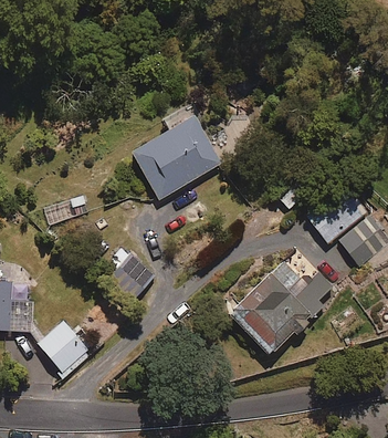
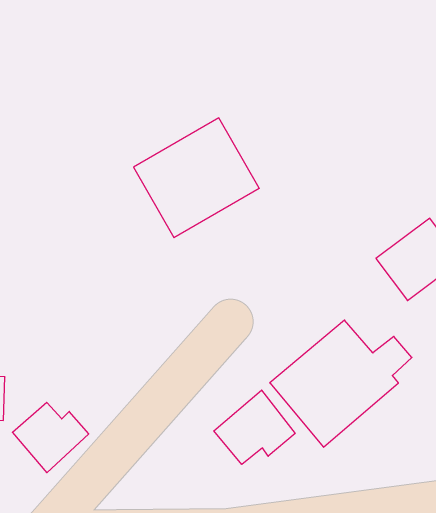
building: [112,254,155,298] -> none
building: none -> [214,390,295,464]

